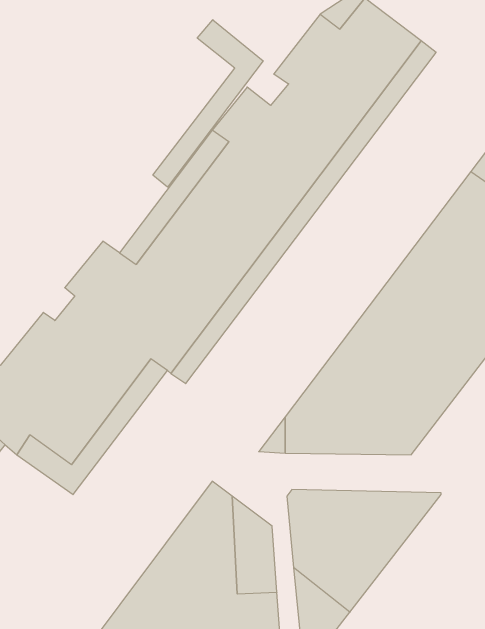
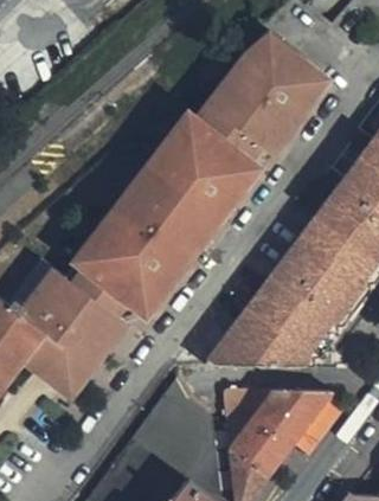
building: [153,20,263,187] -> none

